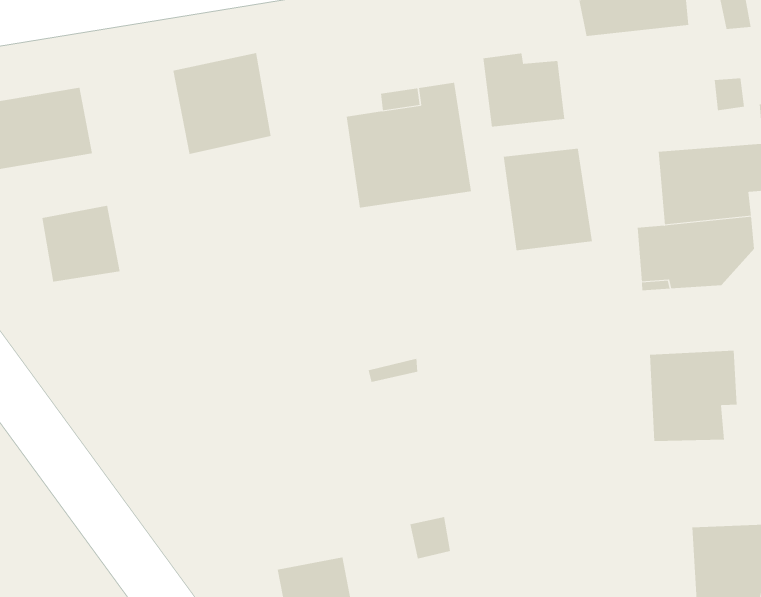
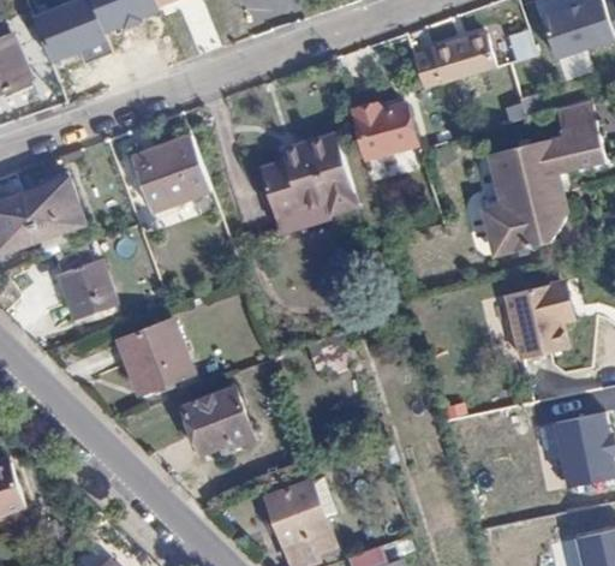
building: [503,148,592,251] -> none
building: none -> [117,321,192,393]
building: none -> [180,387,252,454]

